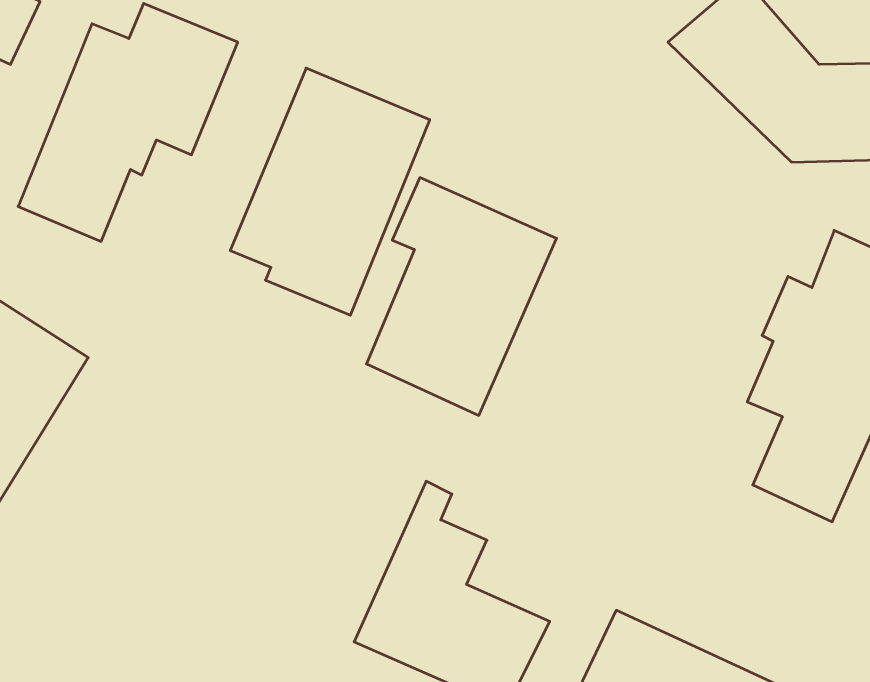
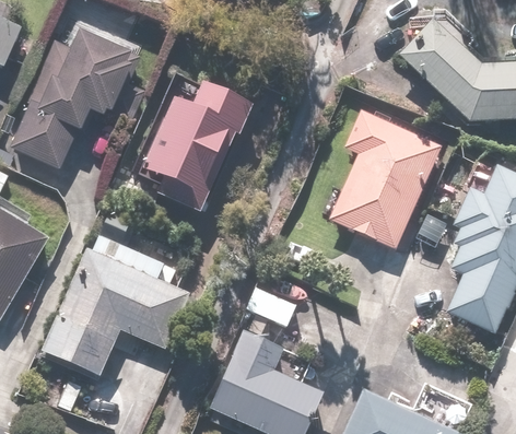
building: [366,178,557,415] -> [328,109,441,250]
building: none -> [43,210,194,379]

